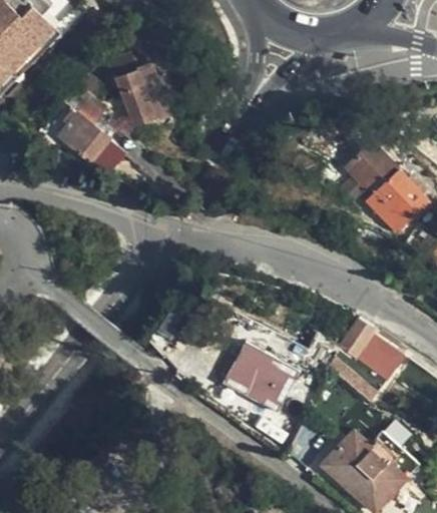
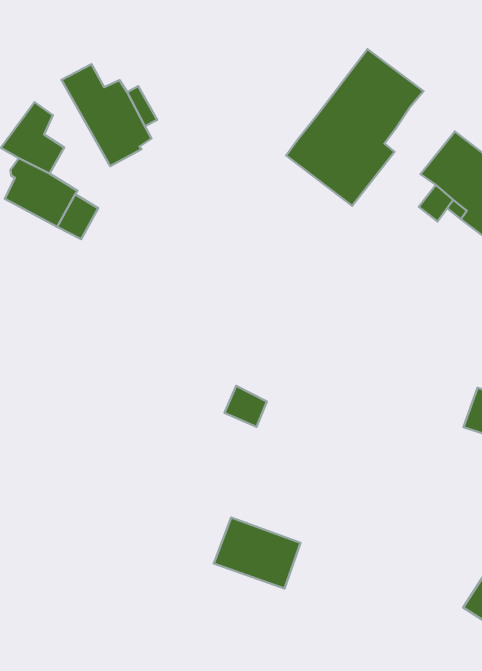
building: none -> [286,49,424,206]
building: [230,355,291,409] -> [214,518,300,588]

